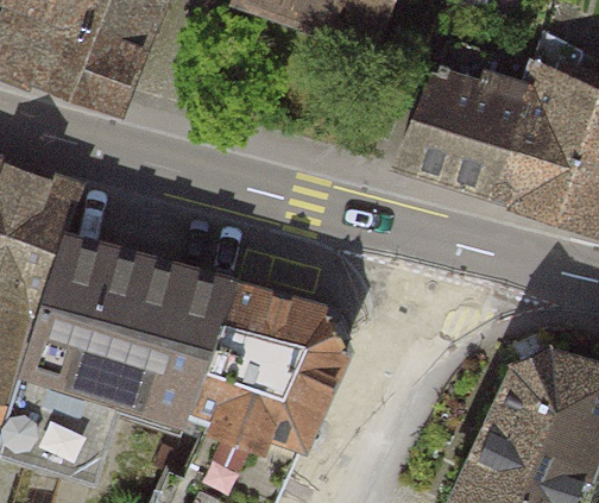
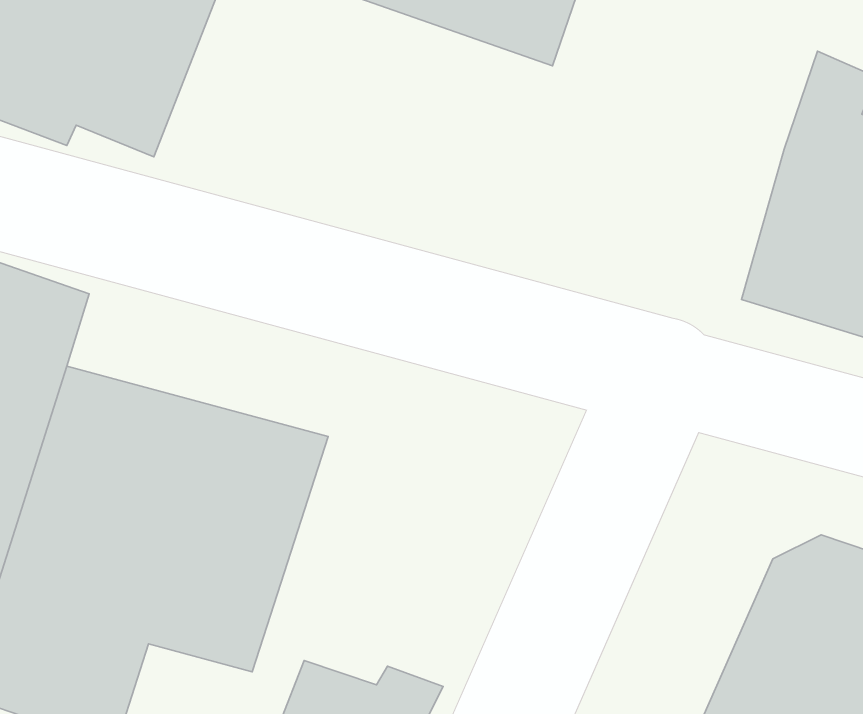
building: [399,42,525,194] -> none
building: [194,282,348,442] -> none

